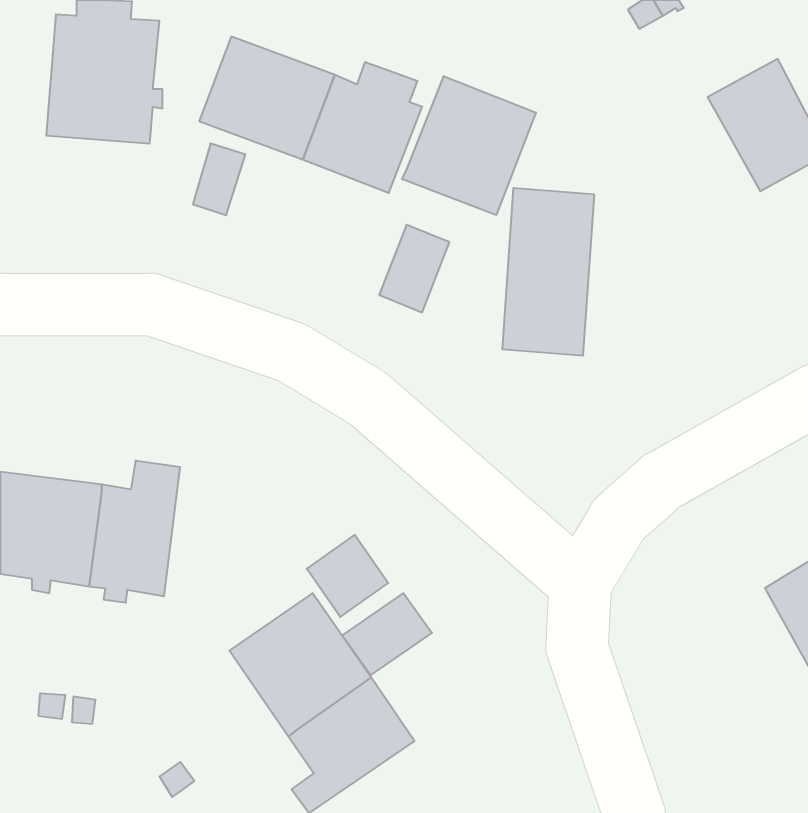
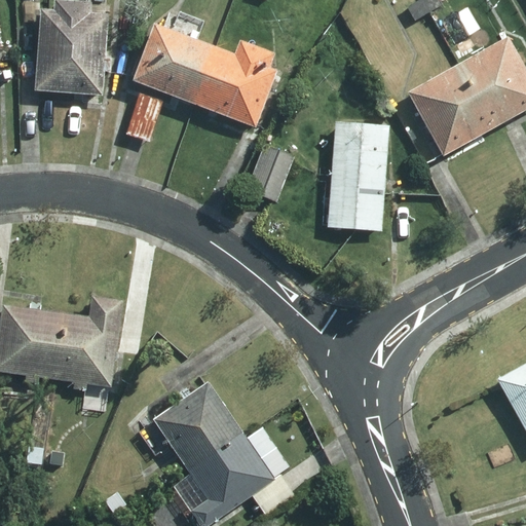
building: [402,76,536,215] -> none
building: none -> [411,64,494,152]
building: [307,535,388,617] -> none
building: [342,593,432,675] -> none

